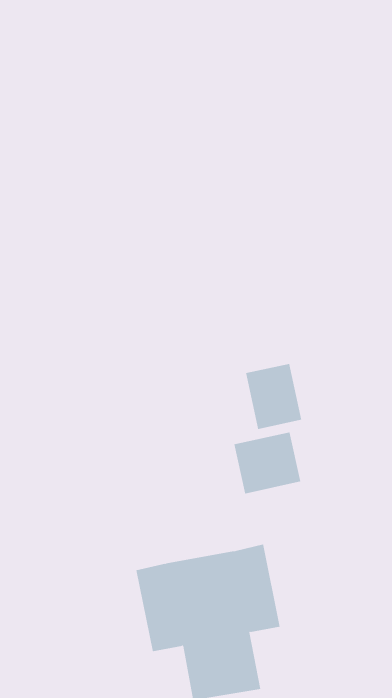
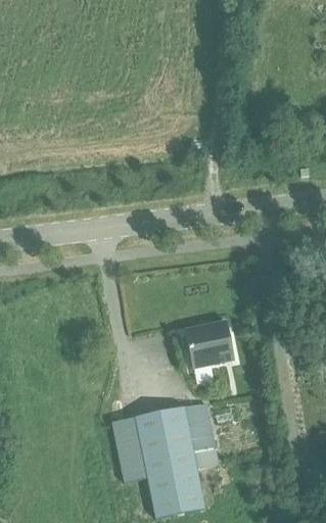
building: [245,363,302,430] -> none

